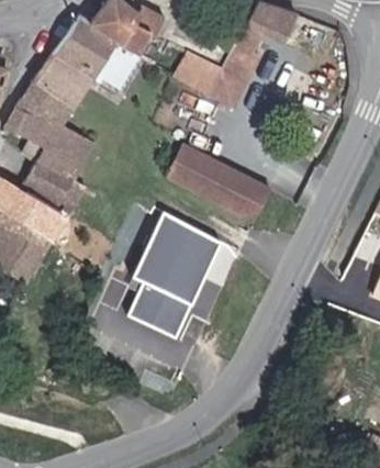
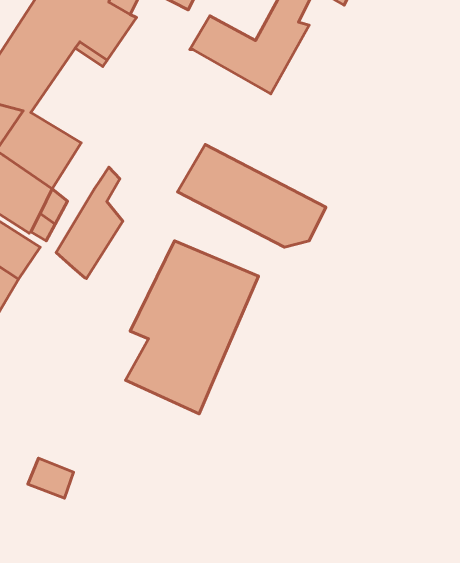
building: none -> [56,167,123,278]

